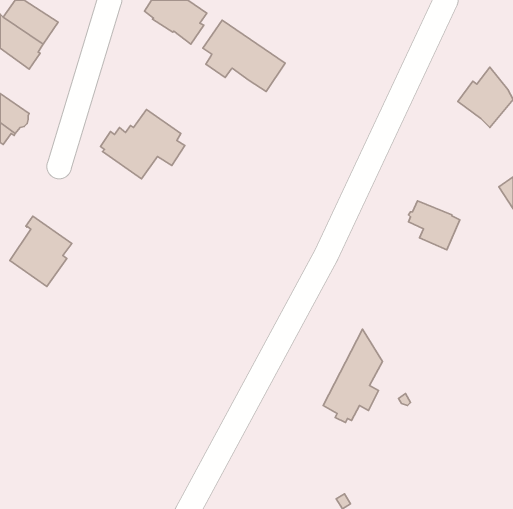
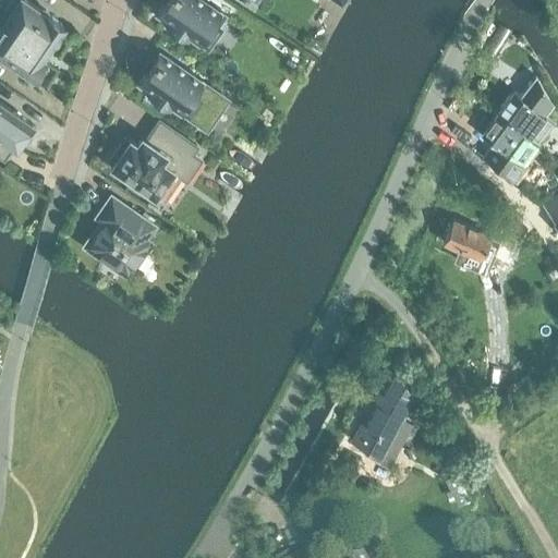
building: [203,20,285,91] -> [138,56,228,133]
building: none -> [481,114,530,186]
building: [10,216,72,287] -> [86,201,154,277]

